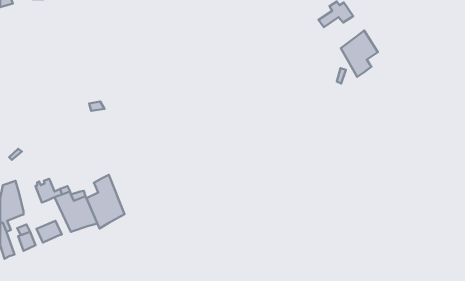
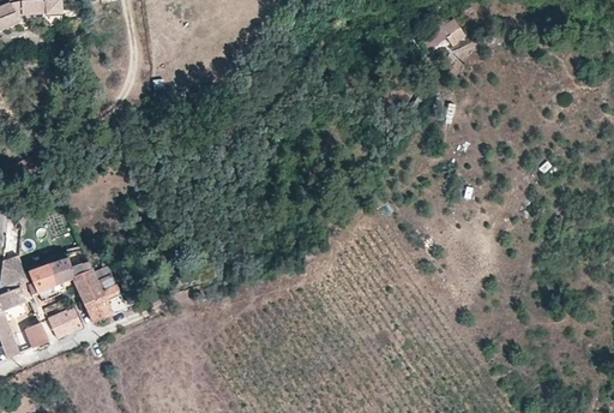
building: [341,30,378,77] -> none
building: [86,175,124,229] -> none
building: none -> [25,263,66,297]

